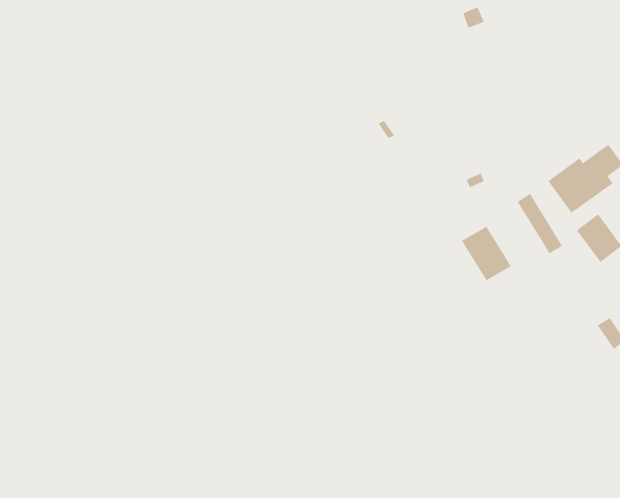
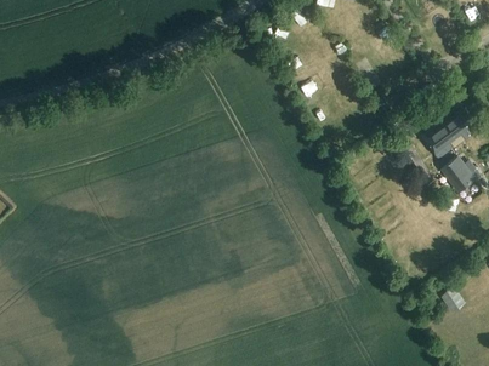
building: [461,226,512,281] -> none

